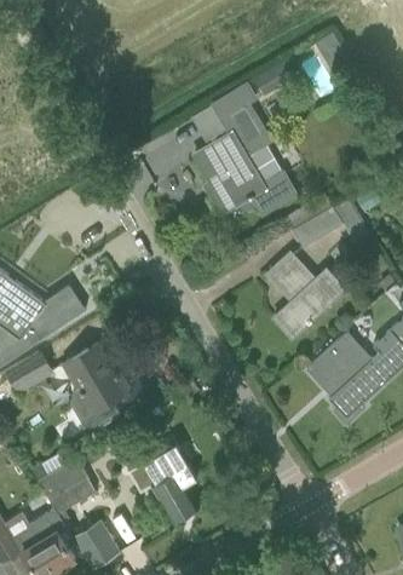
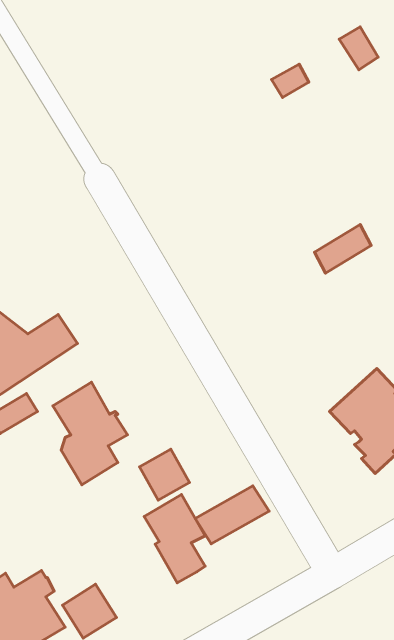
building: [195,82,295,211] -> none
building: [269,253,345,335] -> none
building: none -> [140,449,189,500]
building: none -> [195,486,269,544]
building: [39,459,97,514] -> none

